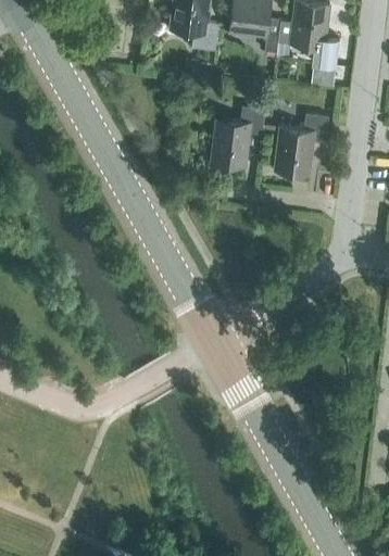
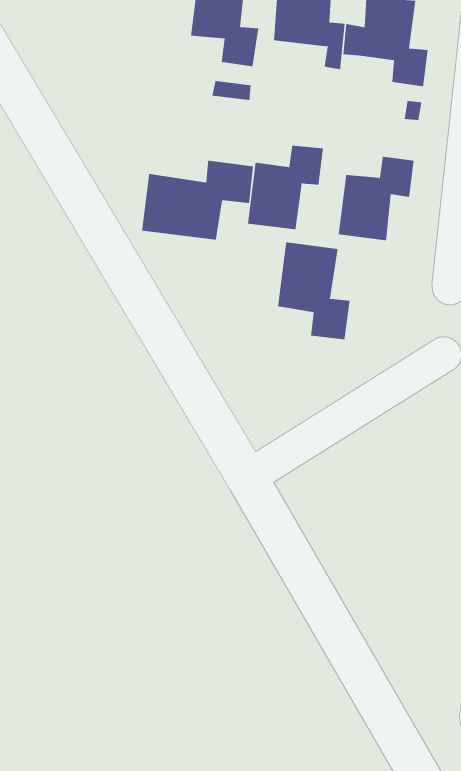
building: none -> [141,160,254,241]
building: none -> [277,242,350,340]

